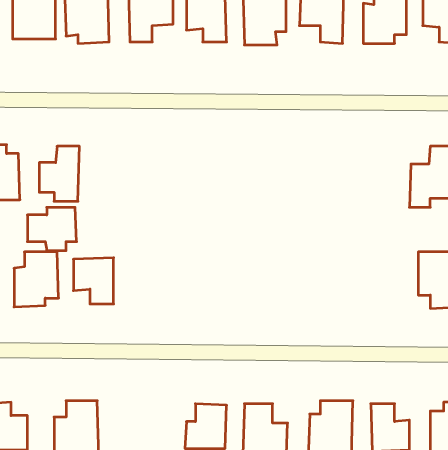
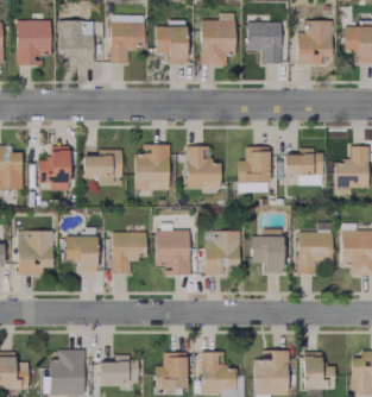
building: none -> [134,144,170,189]
building: none -> [187,146,221,188]
building: none -> [238,147,270,193]
building: none -> [284,150,322,185]
building: [27,207,77,251] -> [83,150,122,184]
building: none -> [156,229,190,276]
building: none -> [204,231,240,273]
building: none -> [112,232,147,273]
building: none -> [297,233,333,273]
building: none -> [252,235,284,275]
building: none -> [100,357,138,384]

